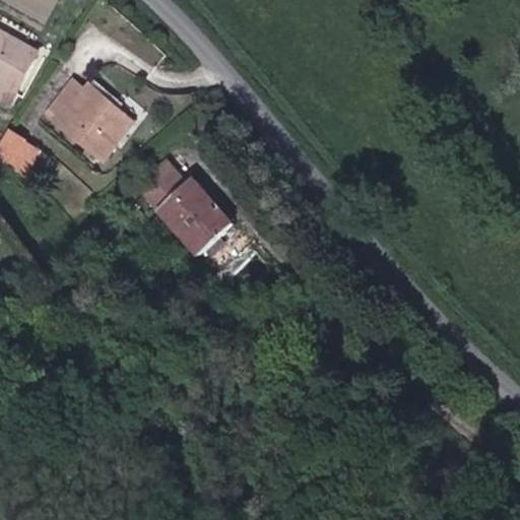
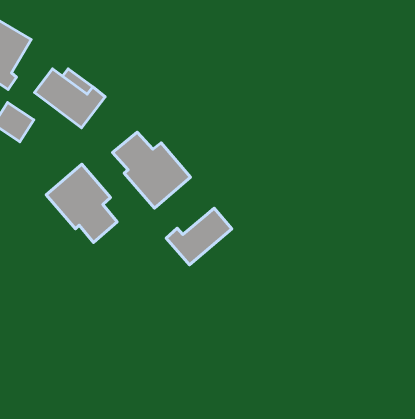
building: none -> [46,164,117,243]
building: none -> [166,208,232,265]

